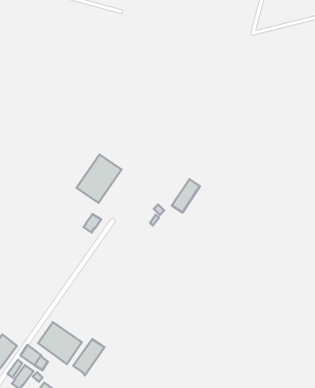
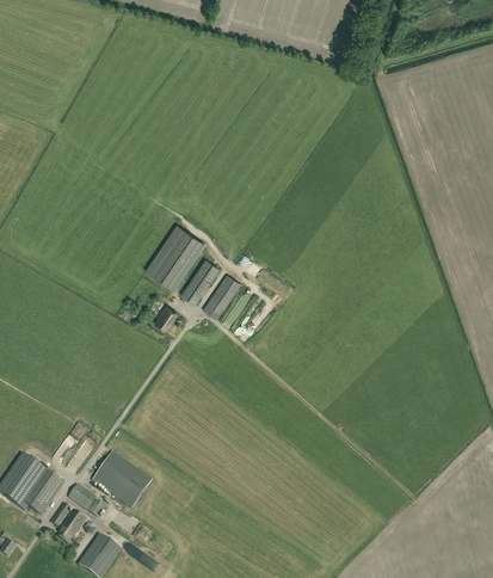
building: [172,179,200,212] -> [202,273,240,319]
building: none -> [180,258,218,303]
building: [73,339,104,375] -> none

